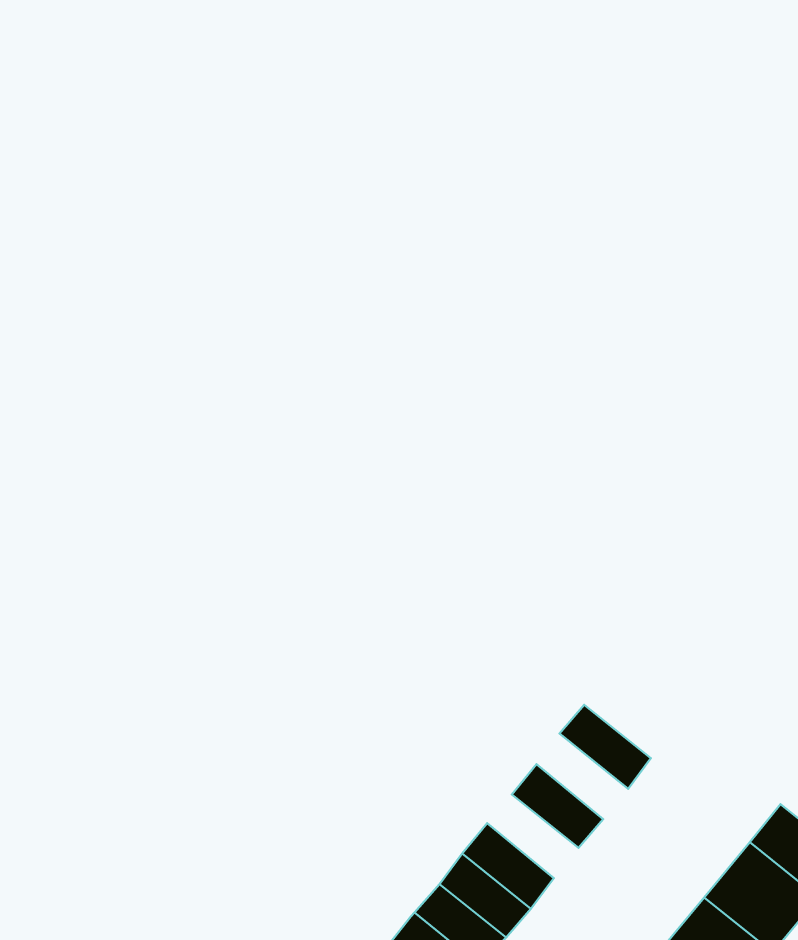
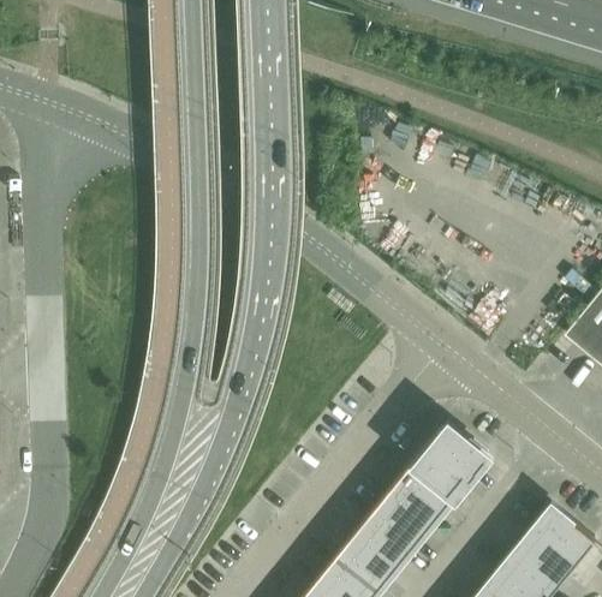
building: none -> [429,423,490,479]
building: none -> [399,464,457,518]
building: none -> [368,502,425,555]

